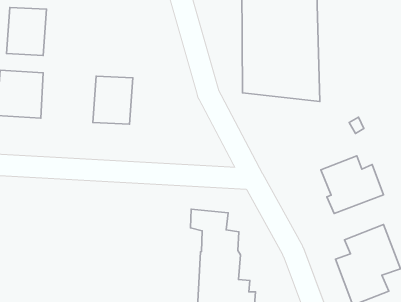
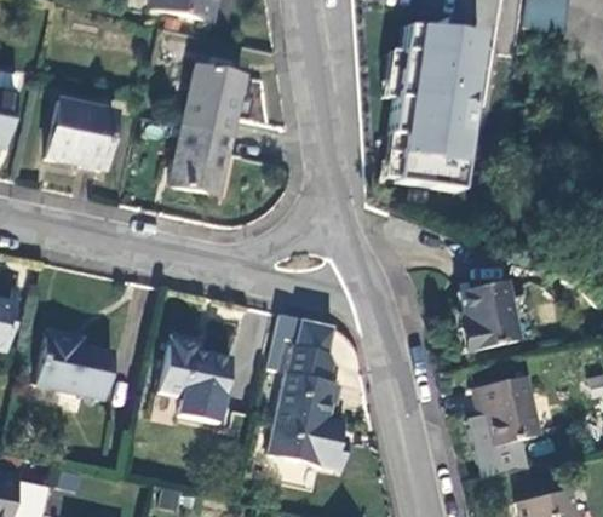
building: [7,7,46,55] -> [185,65,246,134]
building: none -> [160,338,232,424]
building: none -> [36,329,116,397]

